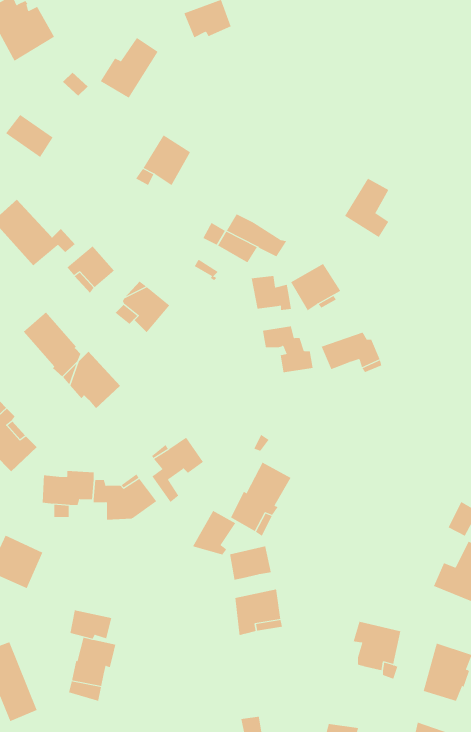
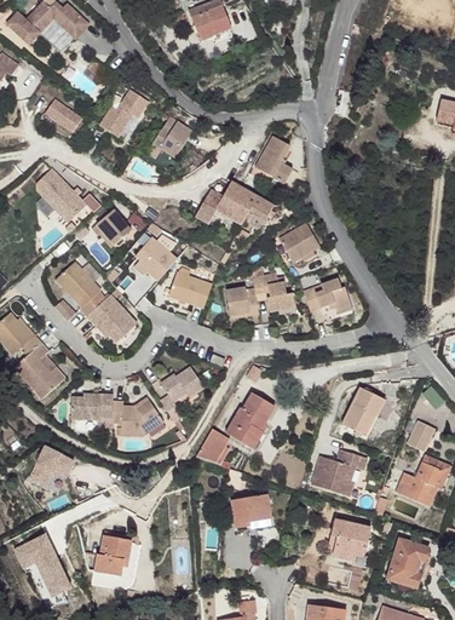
building: [100,37,158,99] -> [100,92,149,143]
building: [344,178,389,238] -> [257,136,294,185]
building: [251,275,292,310] -> [225,280,259,309]
building: none -> [171,271,213,306]
building: none -> [341,386,386,435]
building: none -> [311,449,365,496]
building: [230,545,271,581] -> none
building: [70,609,112,639] -> none

